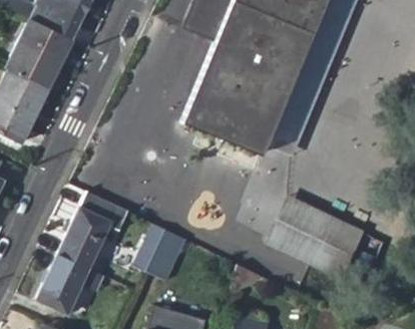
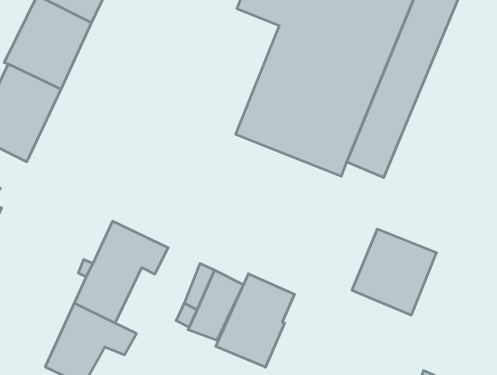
building: [314,214,362,272] -> none
building: none -> [216,274,295,367]

